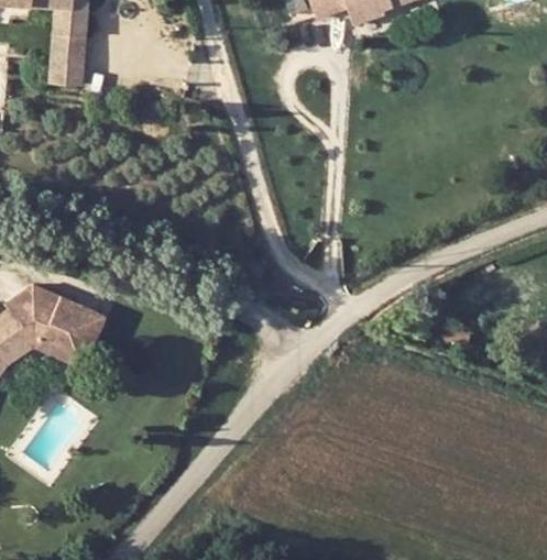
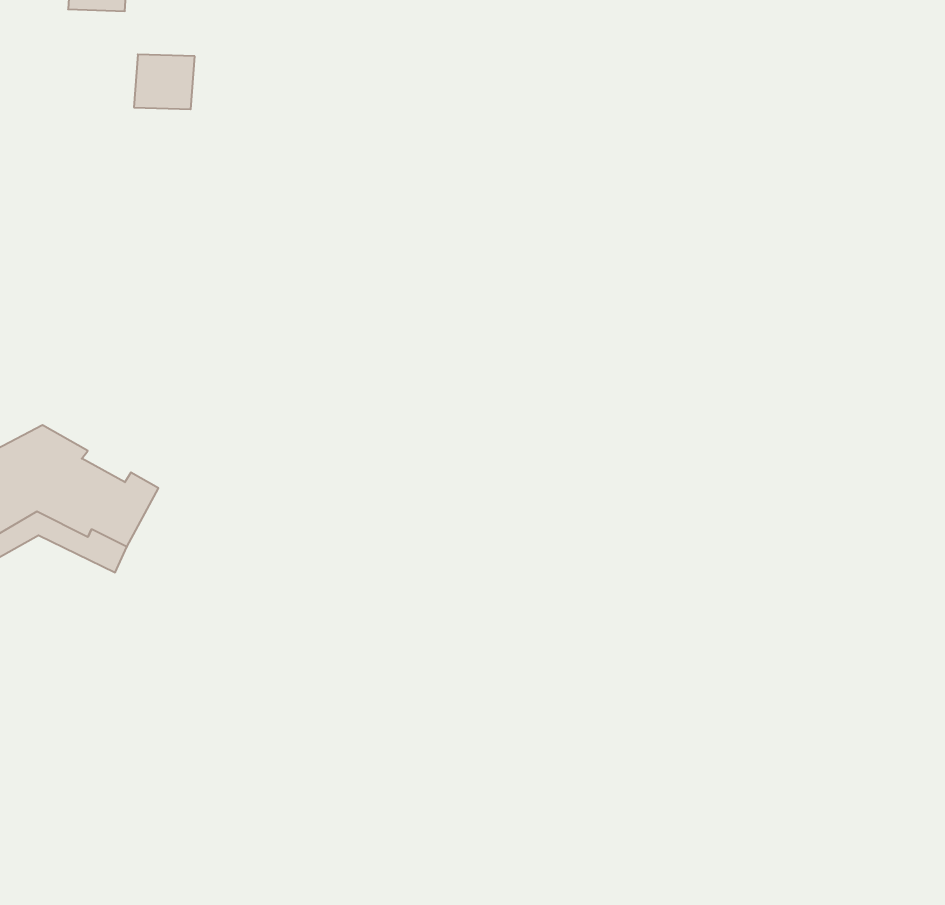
building: [50,53,84,84] -> [134,54,195,109]

